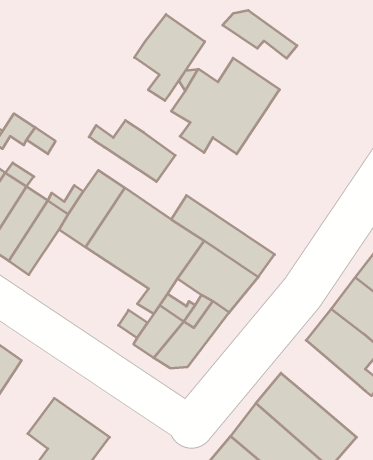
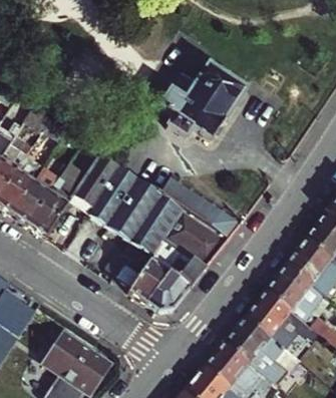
building: [223,10,297,58] -> none
building: [134,14,205,101] -> none
building: [89,120,175,182] -> none
building: none -> [246,288,306,336]

